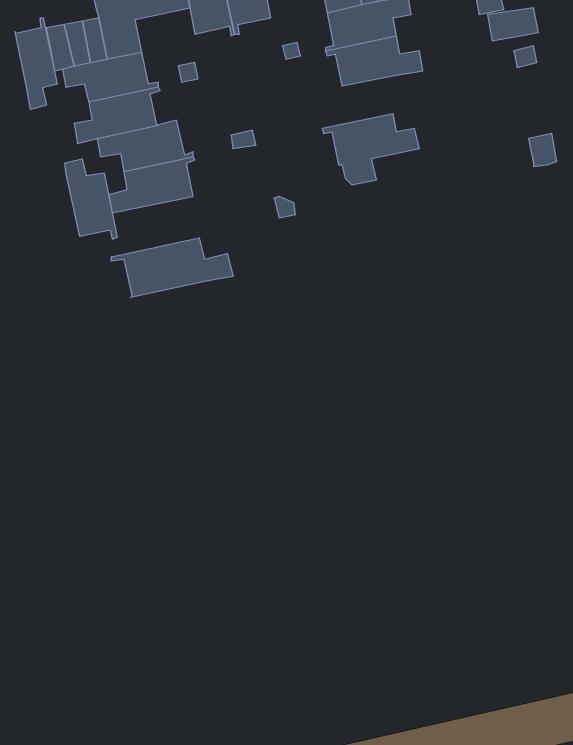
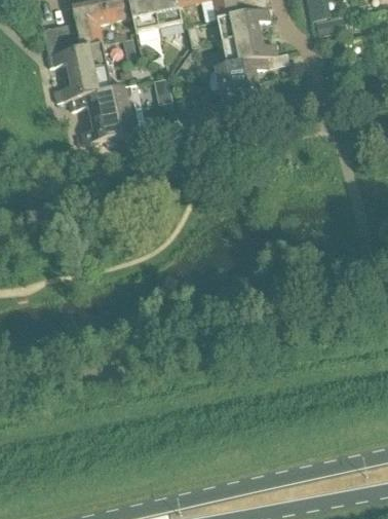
building: [15,18,57,109] -> none
building: none -> [214,53,267,87]
building: [65,159,117,239] -> none
building: [111,238,233,297] -> none

